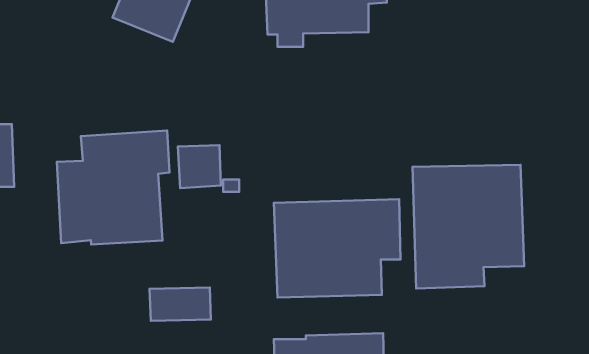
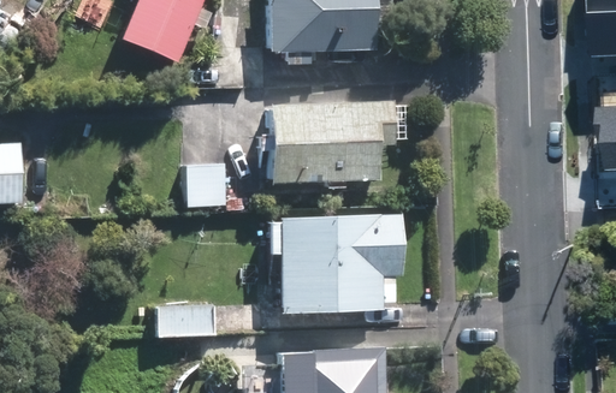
building: none -> [267,102,395,184]
building: [57,131,169,245] -> none
building: [412,165,524,289] -> none

